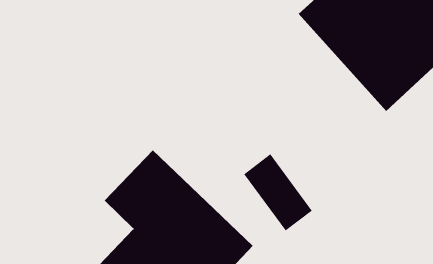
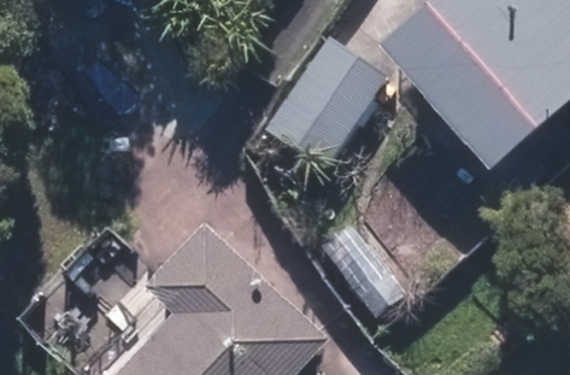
building: none -> [265,39,383,171]

